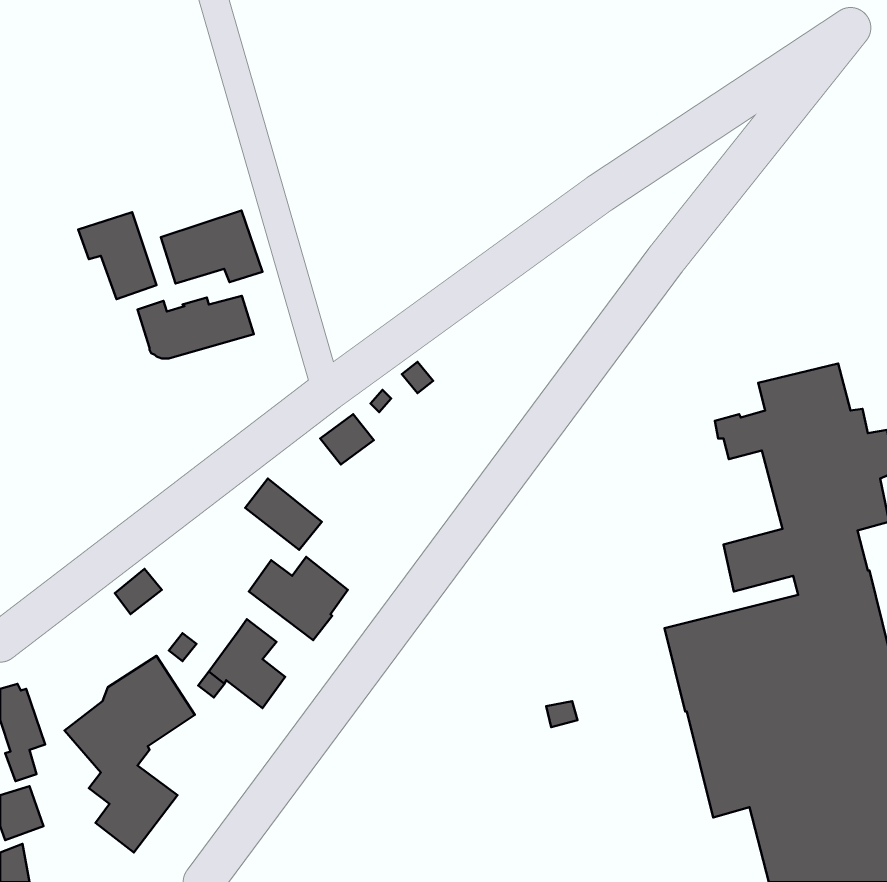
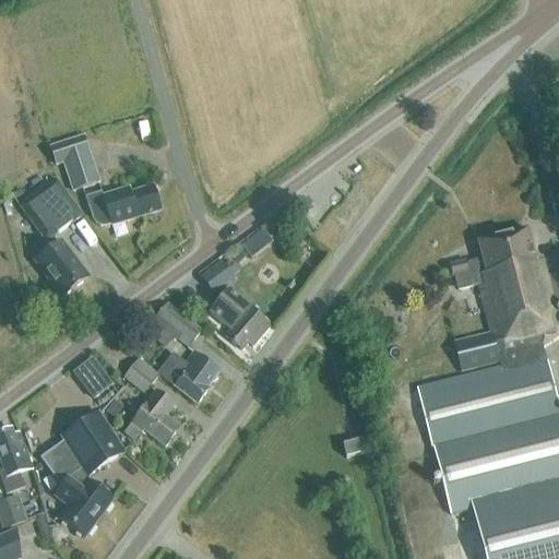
building: [161,210,263,284] -> none
building: none -> [19,176,82,240]
building: none -> [36,239,90,295]
building: none -> [210,283,272,348]
building: none -> [124,358,158,392]

